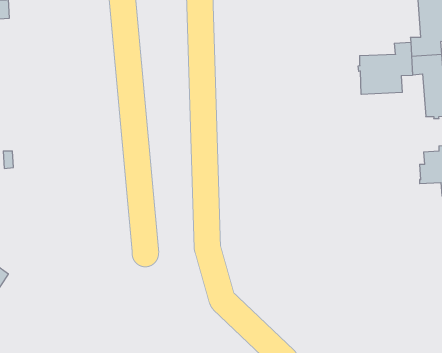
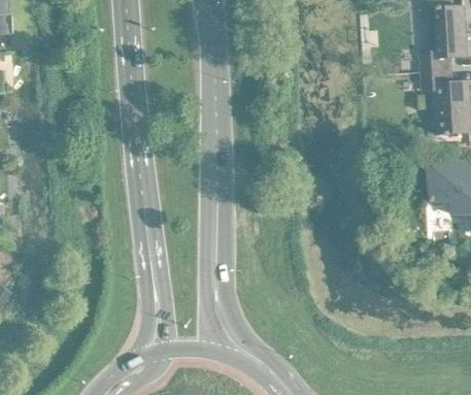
building: [358,42,412,94] -> none

